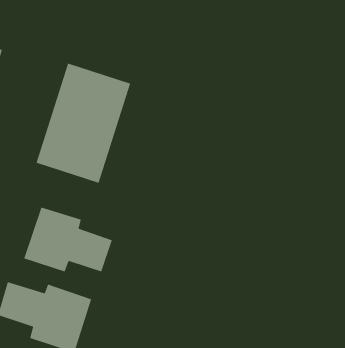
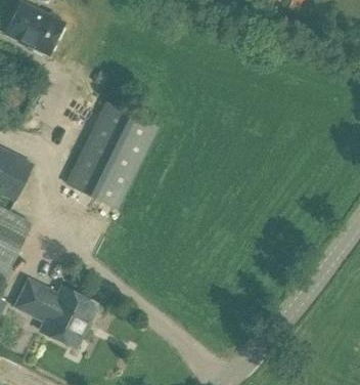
building: [23,206,113,272] -> none

